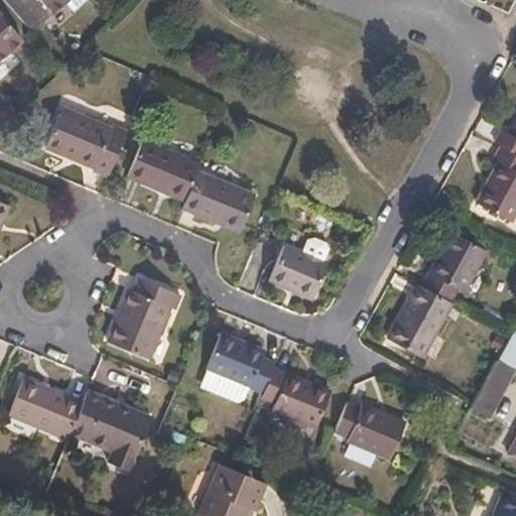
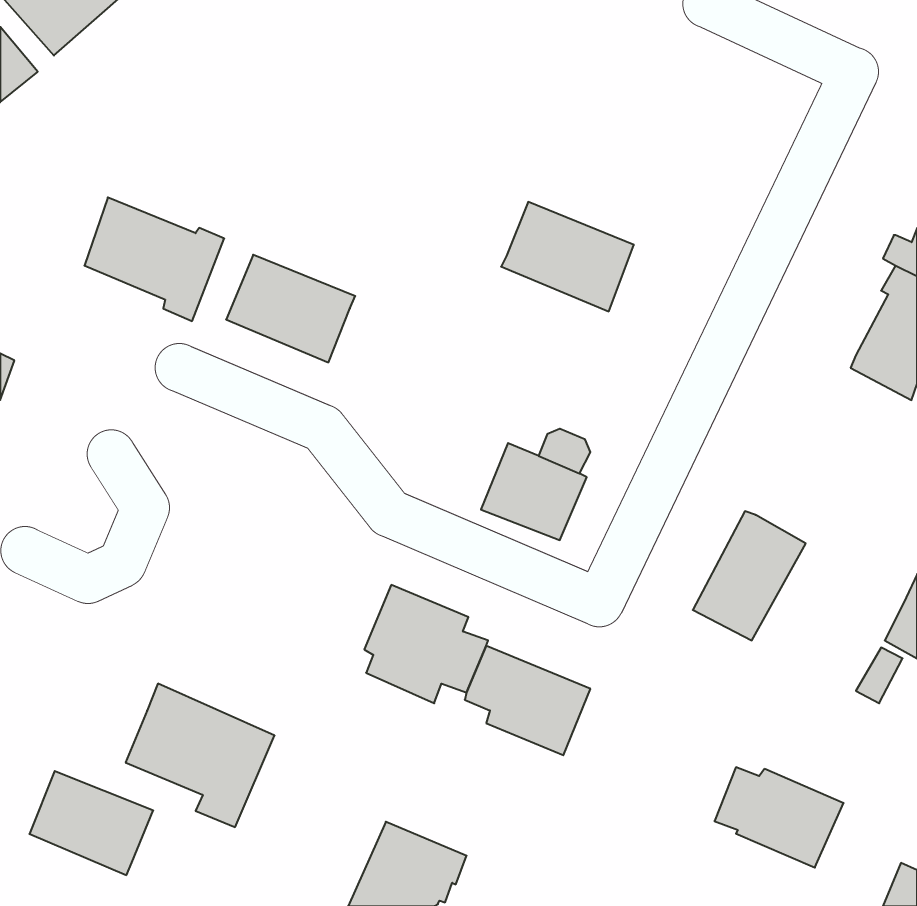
building: [181,173,256,235] -> [501,202,634,311]
building: [424,235,492,305] -> none
building: [109,275,180,358] -> none
building: [13,377,83,435] -> [29,771,153,875]
building: [336,399,408,456] -> [714,767,844,868]

